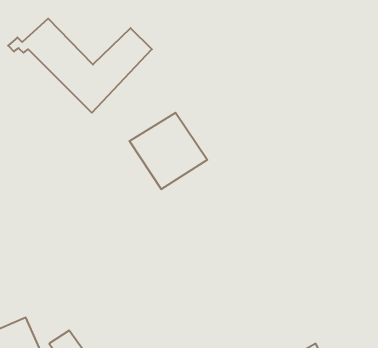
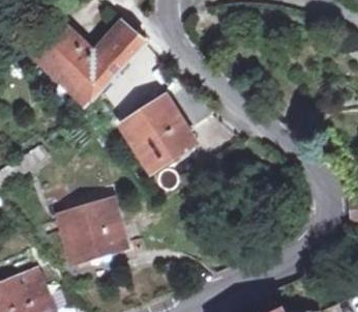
building: none -> [53,193,119,261]

